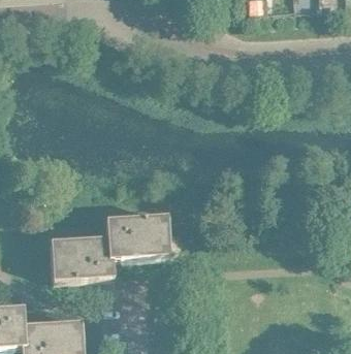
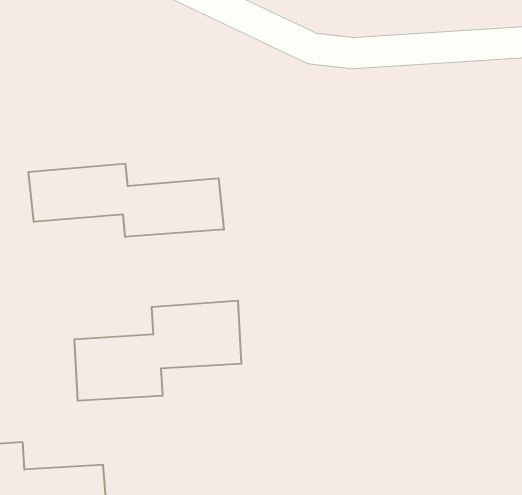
building: none -> [29,164,224,237]

